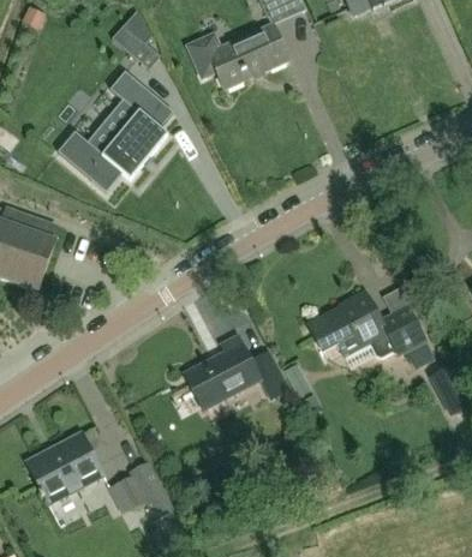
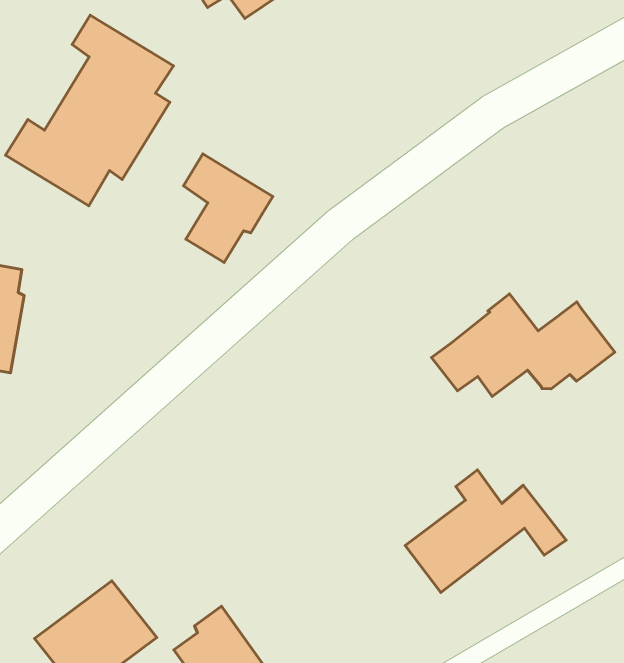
building: none -> [184,154,273,263]
building: [184,335,287,409] -> [405,470,566,593]

